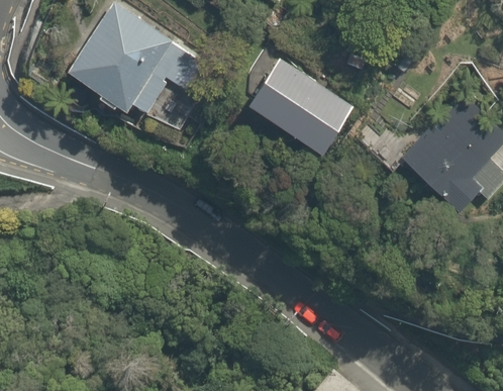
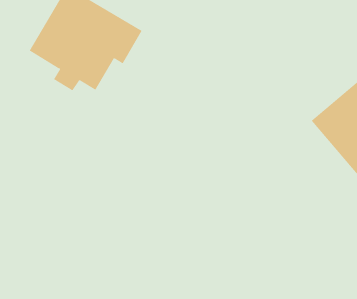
building: [254,56,361,164] -> none

